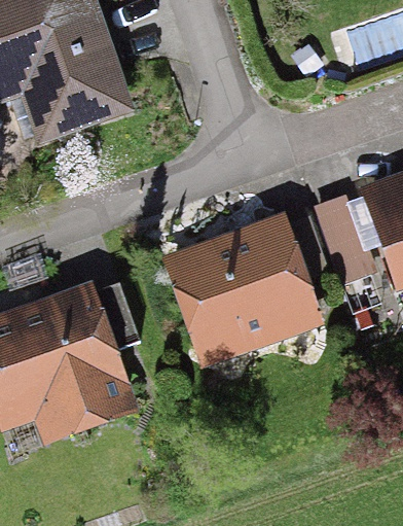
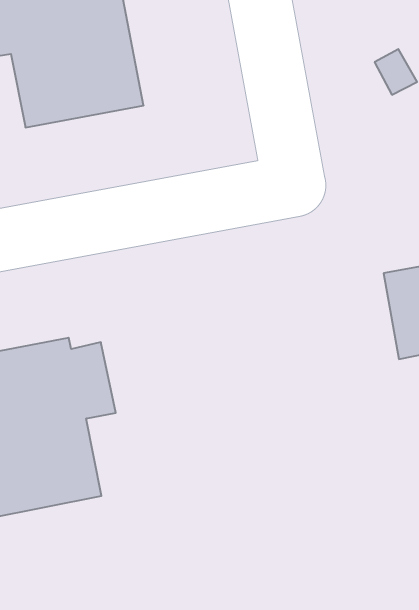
building: [182,223,321,352] -> none

